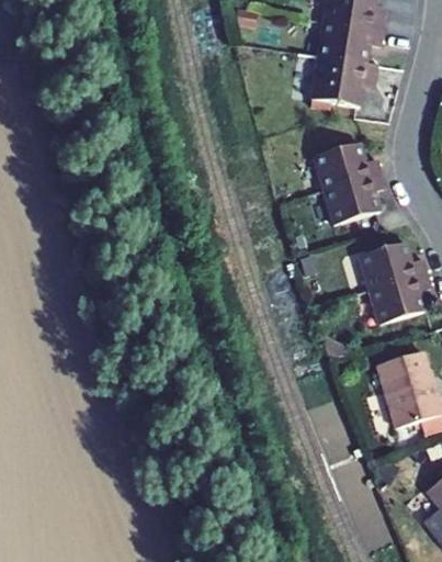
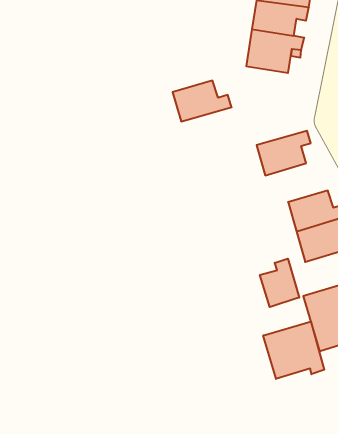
building: [314,142,382,189] -> [173,81,232,121]
building: none -> [260,259,299,307]
building: none -> [263,321,324,379]

